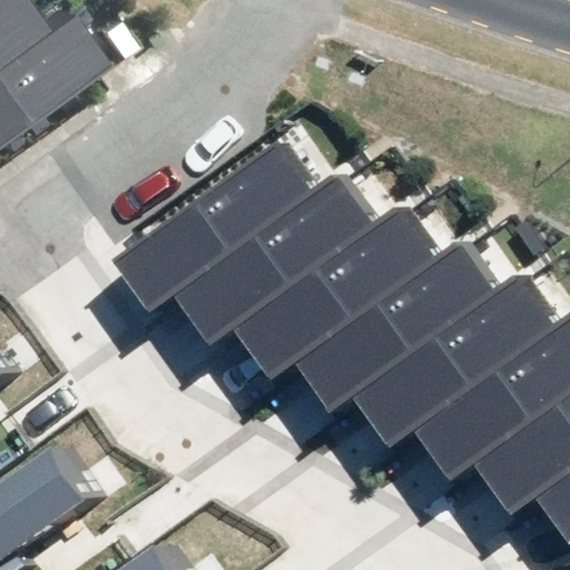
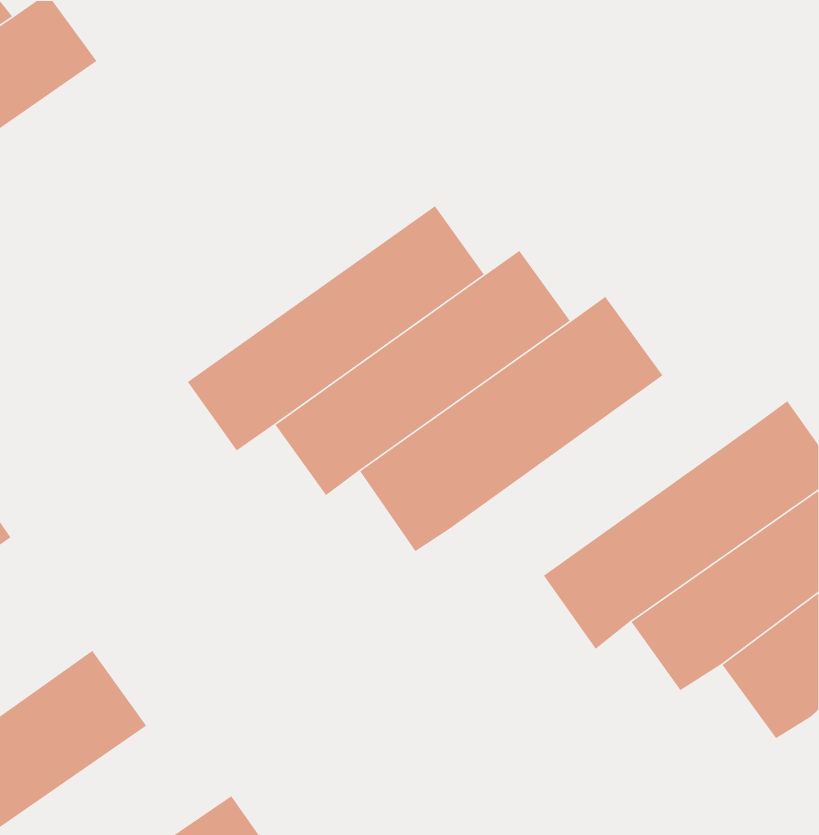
building: [303,240,509,413] -> none

